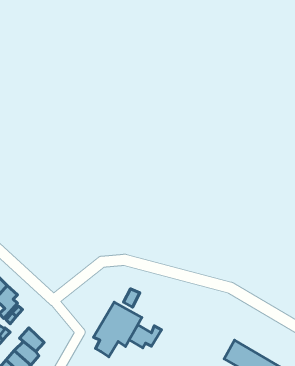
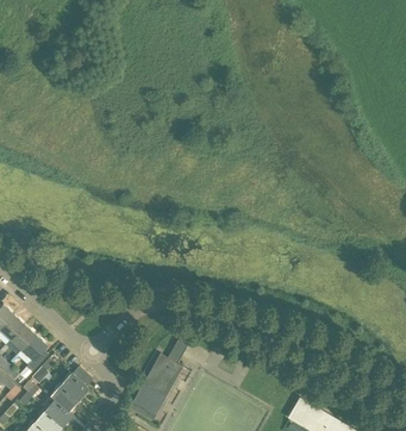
building: none -> [61,368,92,401]
building: [129,325,162,348] -> none

